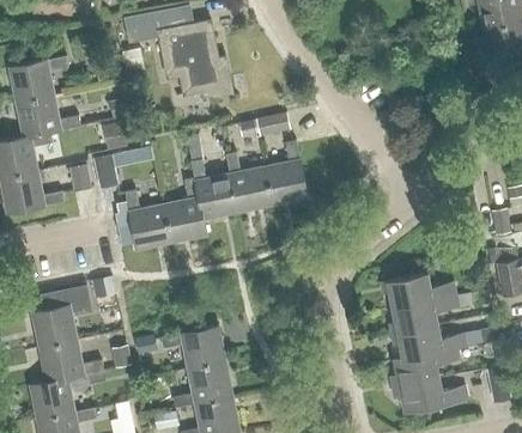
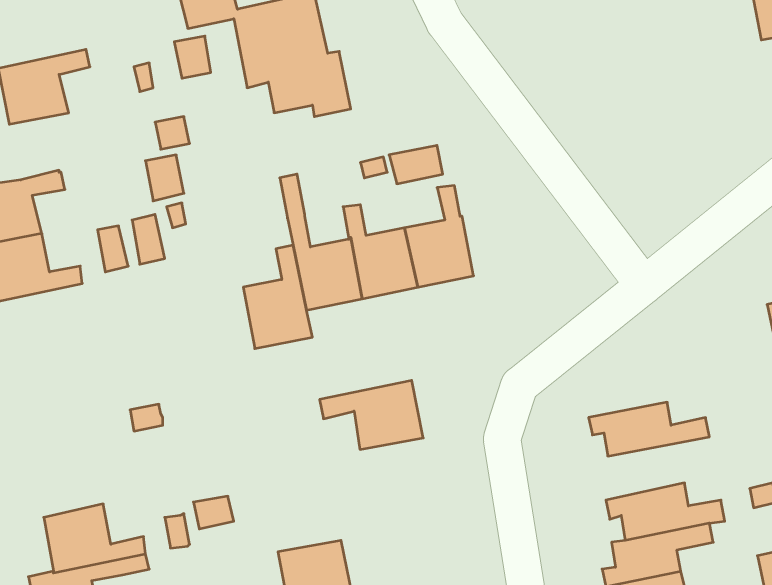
building: [18,94,80,136] -> none
building: [116,189,171,249] -> none
building: [32,285,92,347] -> none
building: [388,297,456,336] -> none
building: [160,325,225,368] -> [320,380,423,449]

